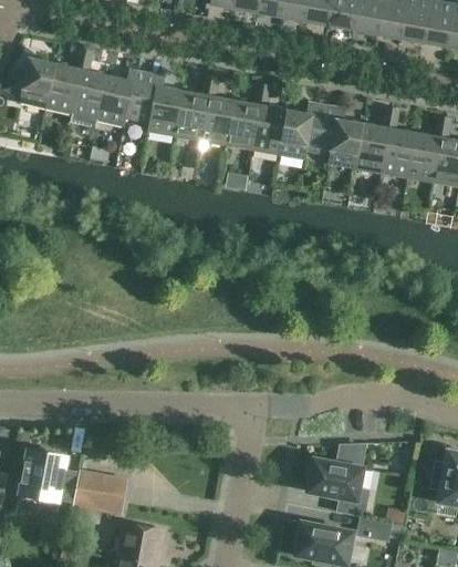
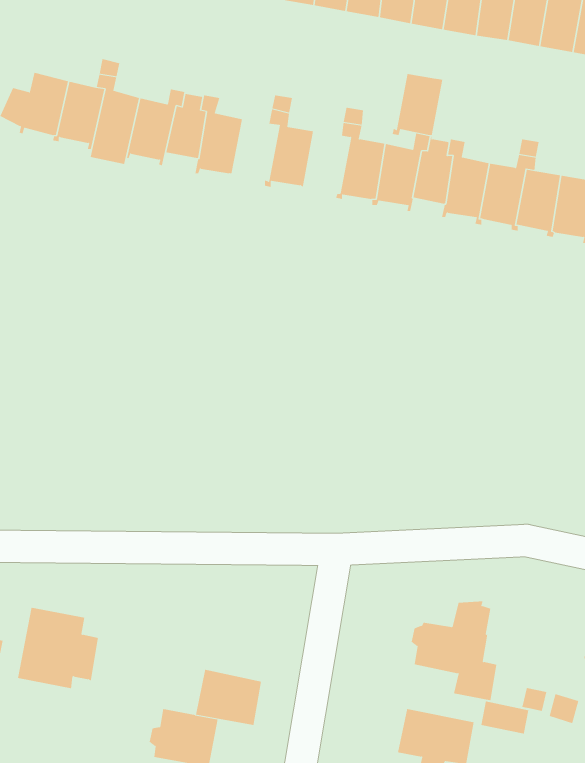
building: [171,92,209,137] -> none
building: [223,101,261,146] -> [392,74,443,136]
building: [75,472,124,513] -> [195,669,262,725]

